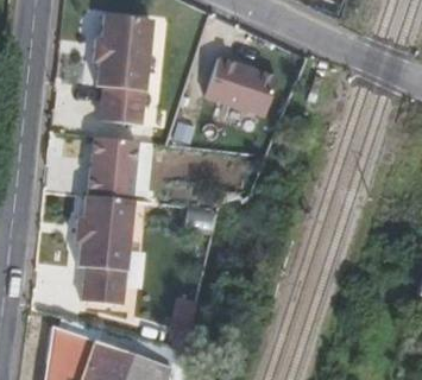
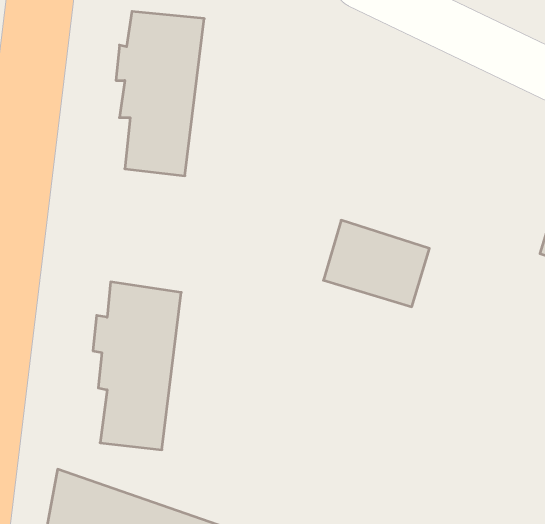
building: [210,48,282,106] -> [323,220,429,307]
building: [93,138,134,200] -> none

